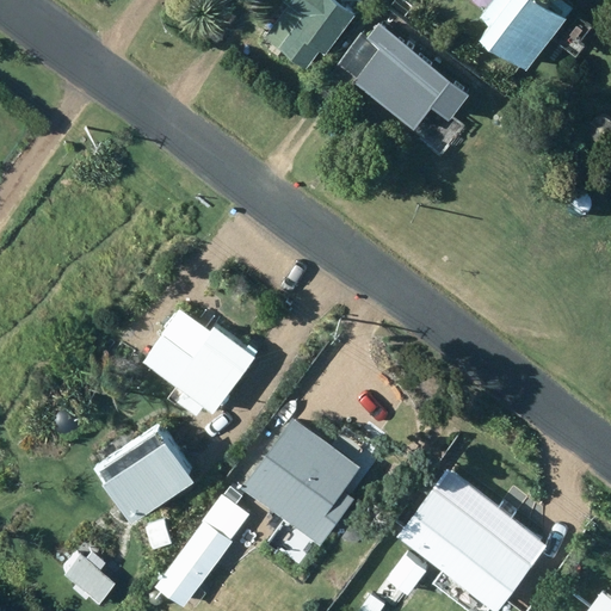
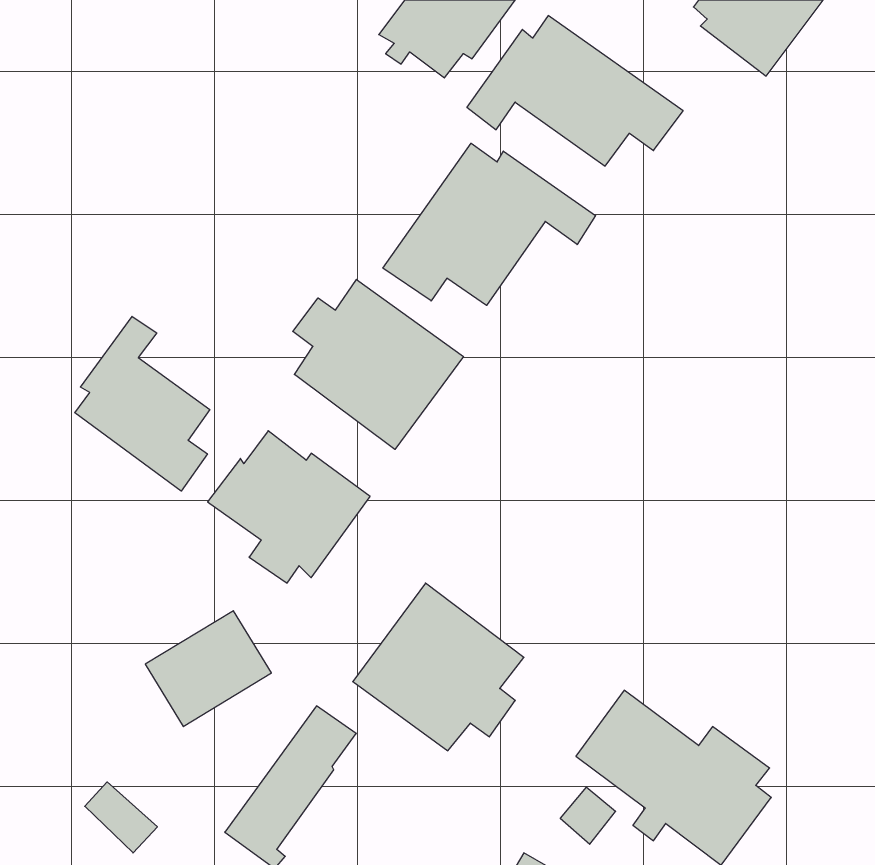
building: none -> [383,143,596,305]
building: none -> [293,279,463,449]
building: none -> [75,316,210,491]

